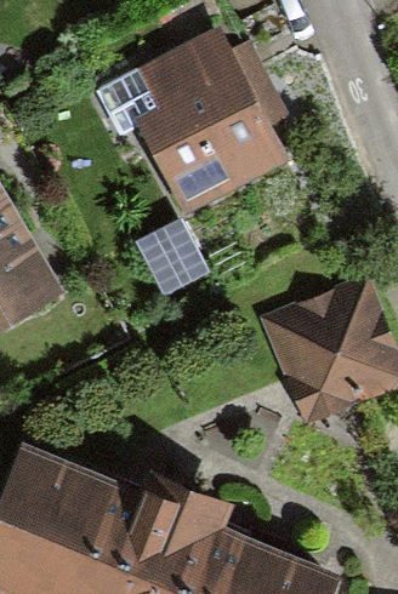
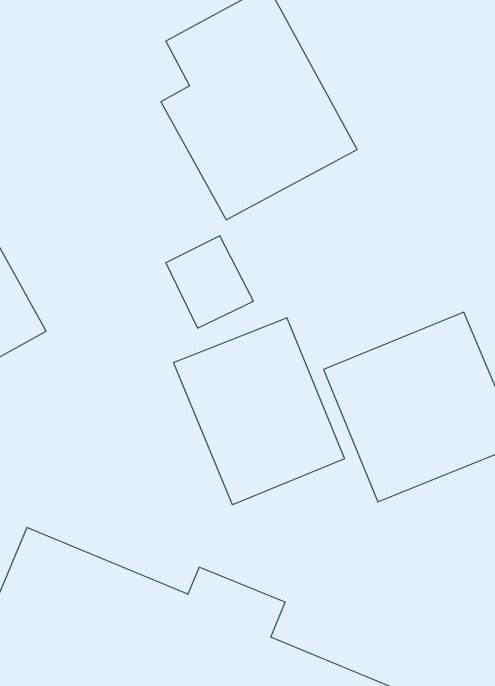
building: none -> [174,318,344,505]

